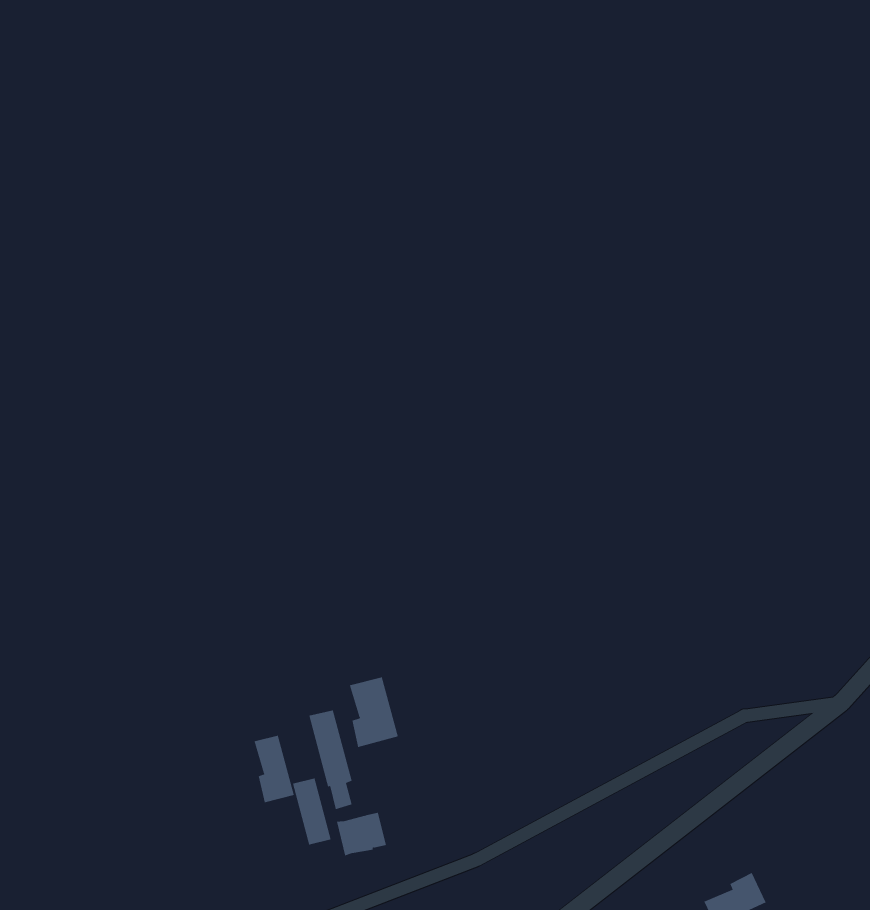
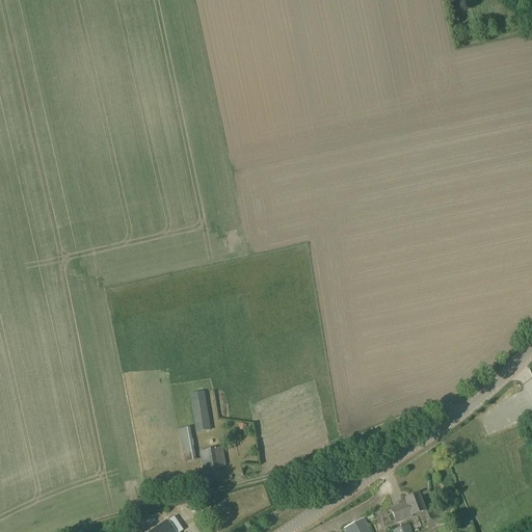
building: [349,676,399,748] -> none
building: [254,735,295,803] -> none

